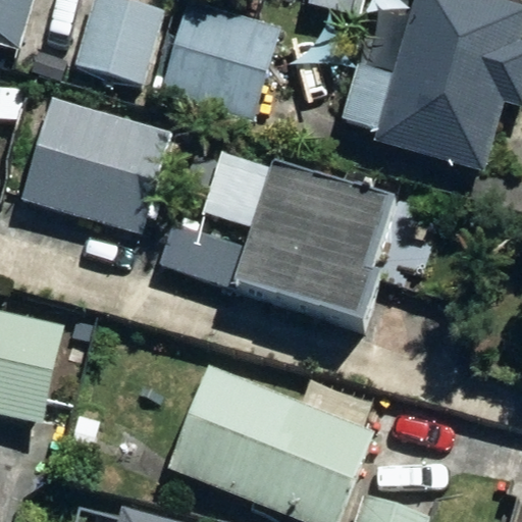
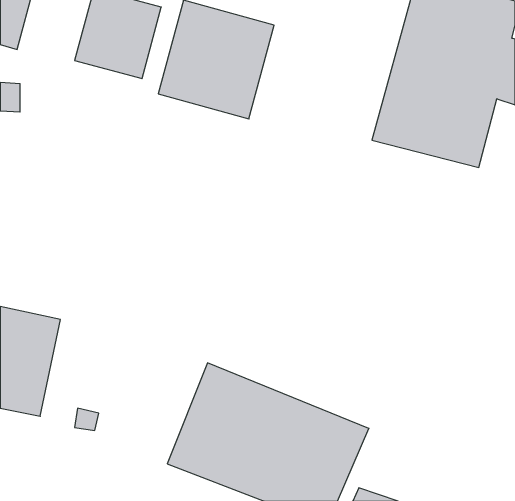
building: [21,94,171,231] -> none
building: [160,163,394,326] -> none

